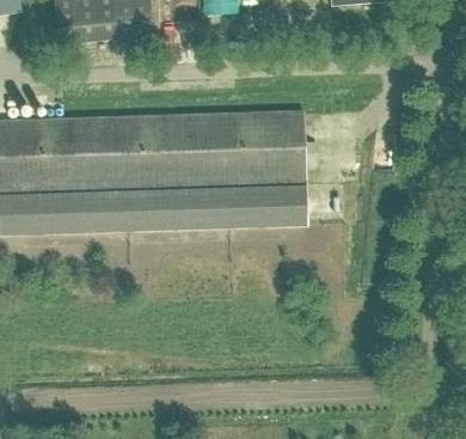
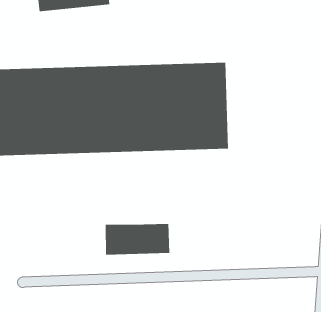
building: none -> [105,223,170,255]

